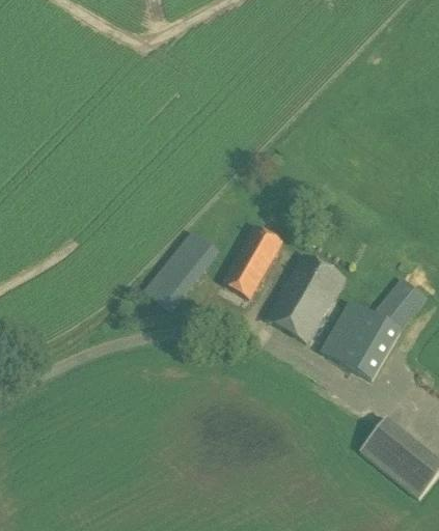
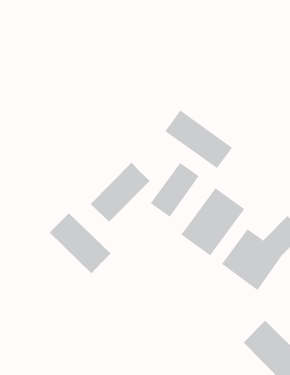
building: none -> [164,109,233,169]
building: none -> [49,213,111,274]

